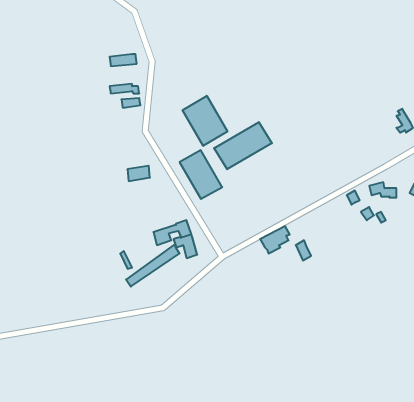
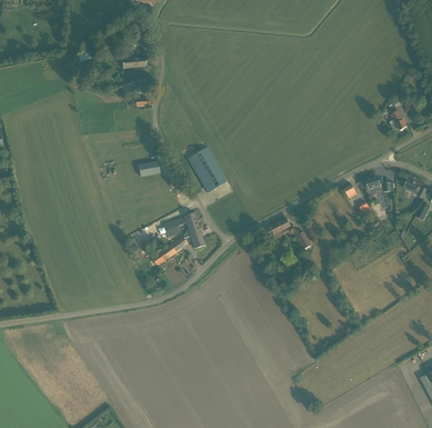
building: [183,96,227,146] -> none
building: [214,122,272,169] -> none

